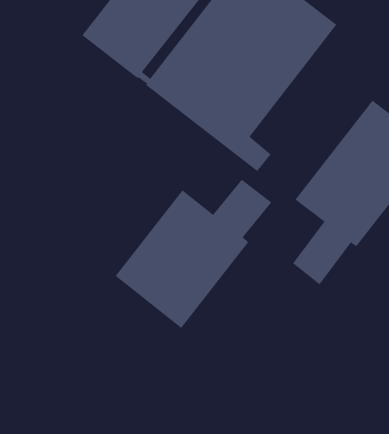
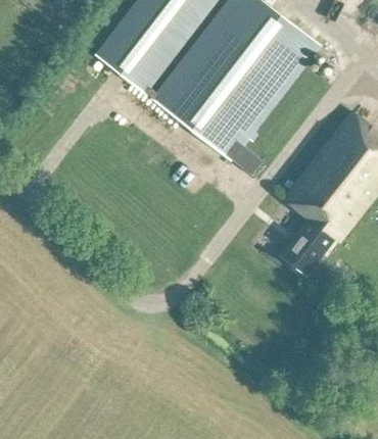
building: [115,179,272,329] -> none

